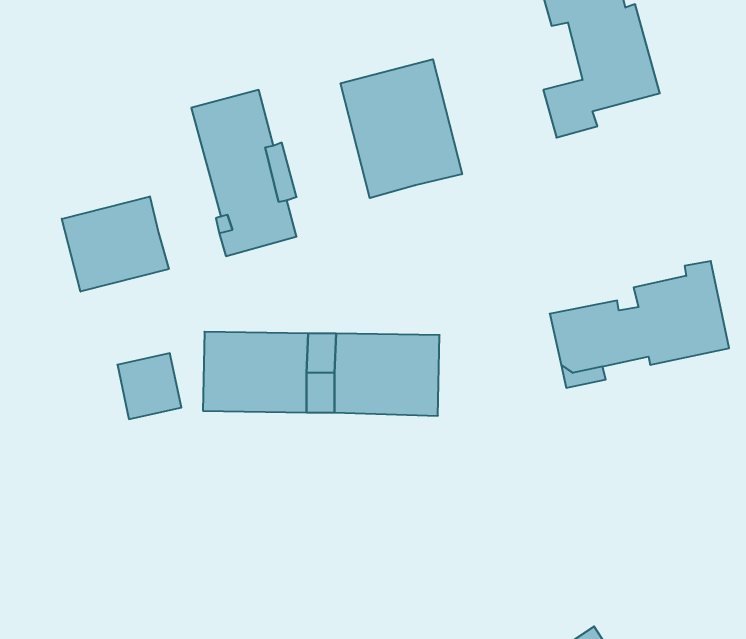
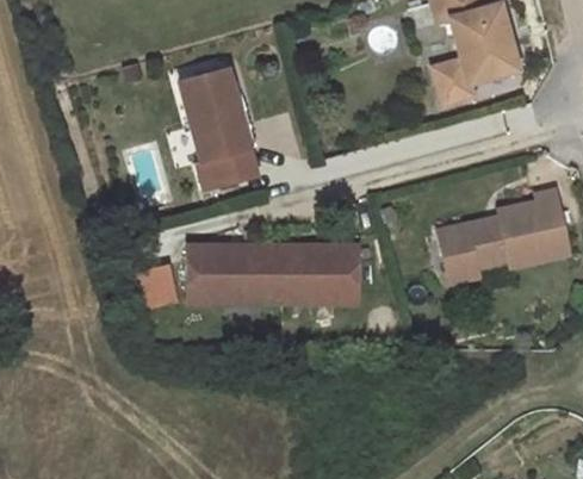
building: [341,59,462,198] -> none
building: [62,196,169,292] -> none

